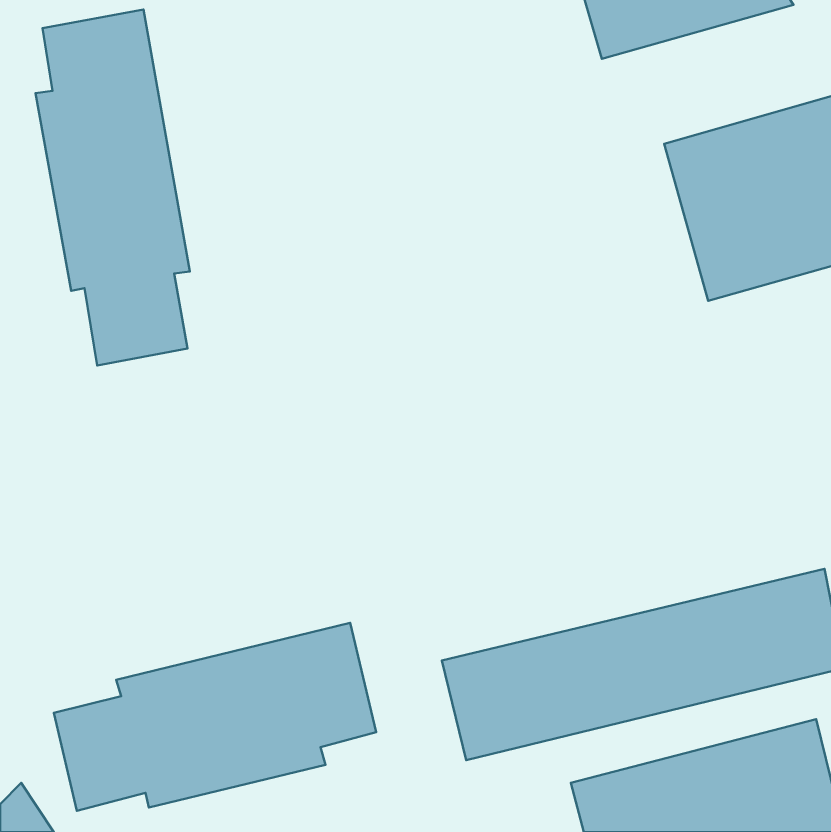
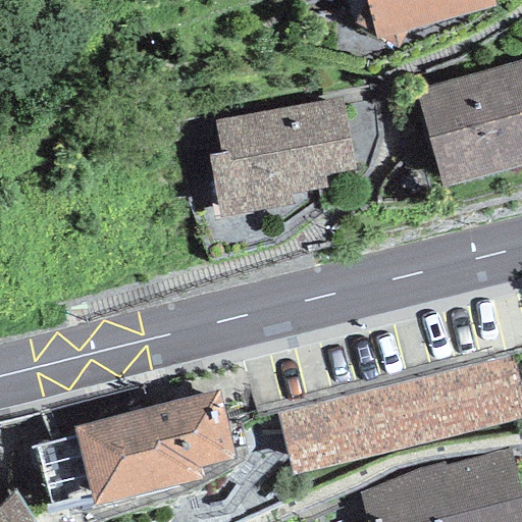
building: [36,10,190,366] -> none
building: none -> [209,96,357,218]

